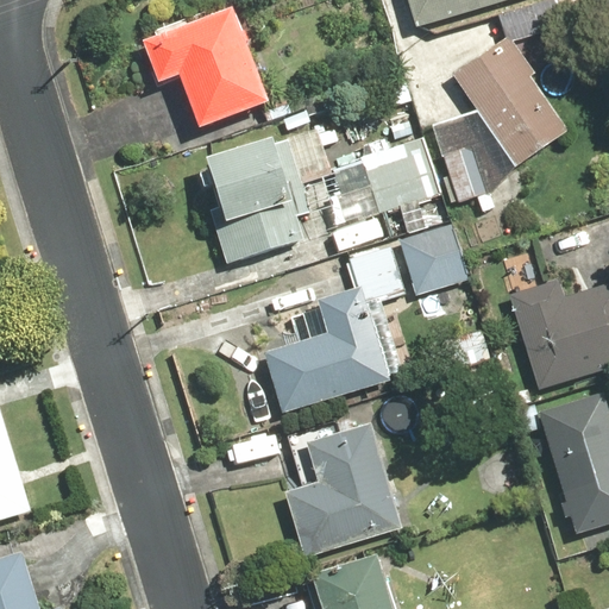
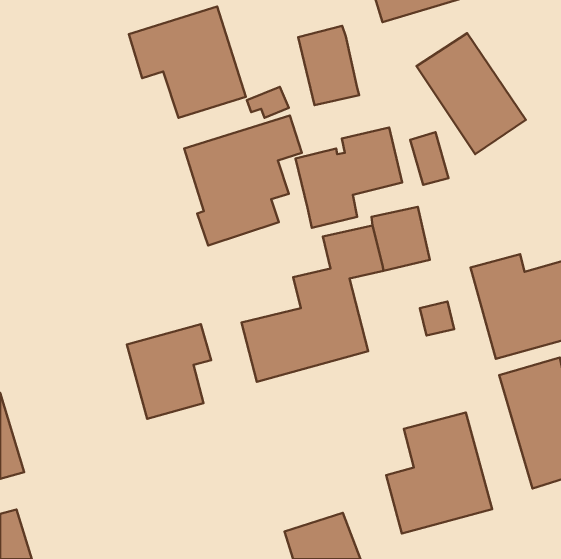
building: none -> [298,26,359,105]
building: none -> [127,324,211,419]
building: [285,425,400,555] -> [386,412,492,534]

